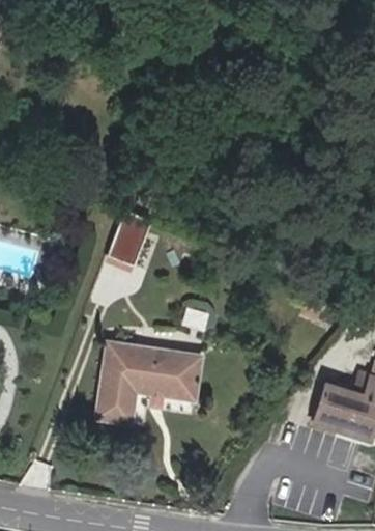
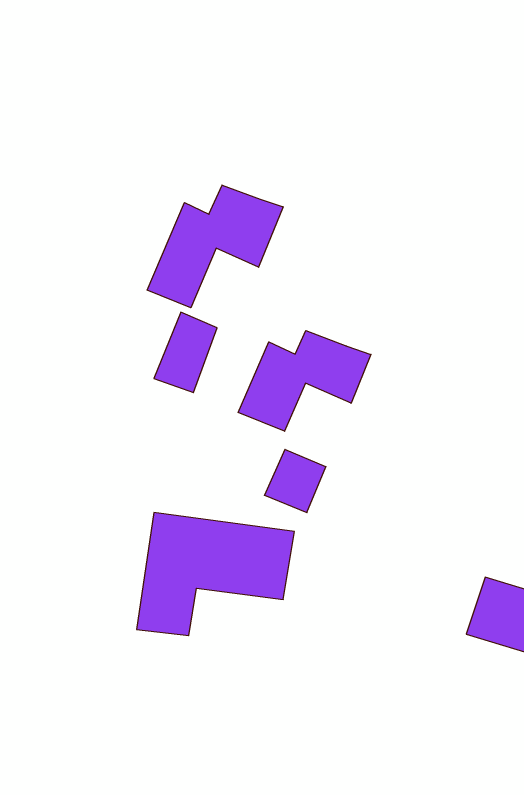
building: none -> [147,185,283,308]
building: none -> [238,331,371,431]

